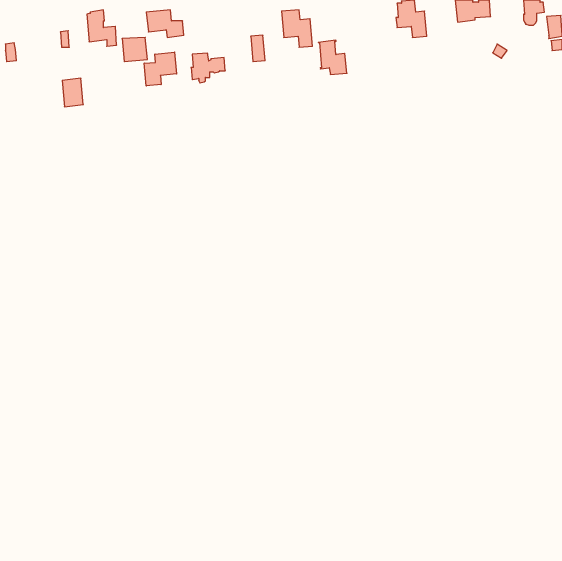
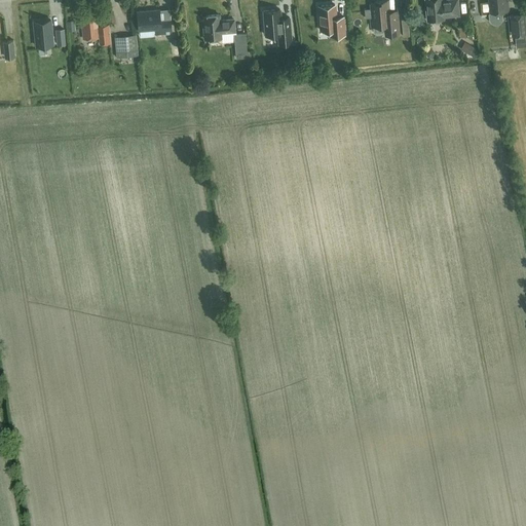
building: [318,40,347,74] -> [318,5,345,37]
building: [144,52,177,86] -> none
building: [191,53,225,83] -> [203,15,235,43]
building: [62,78,83,107] -> [34,21,53,47]

